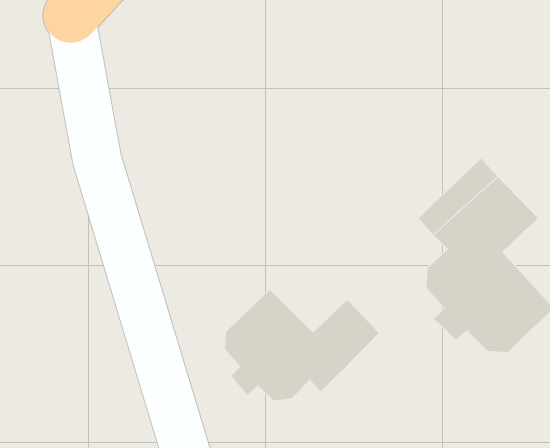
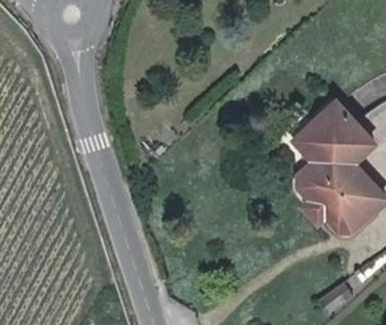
building: [224,289,379,401] -> none

